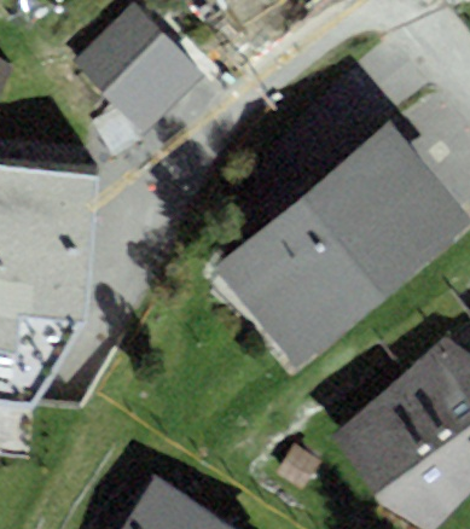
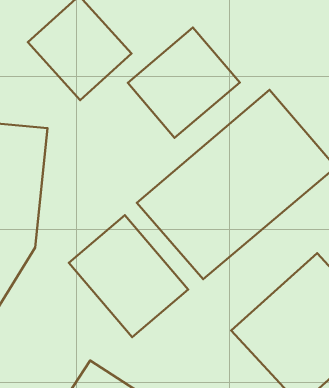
building: none -> [128,28,240,138]
building: none -> [69,215,188,337]

